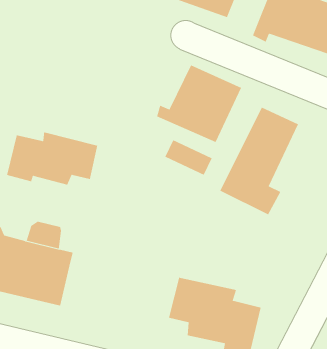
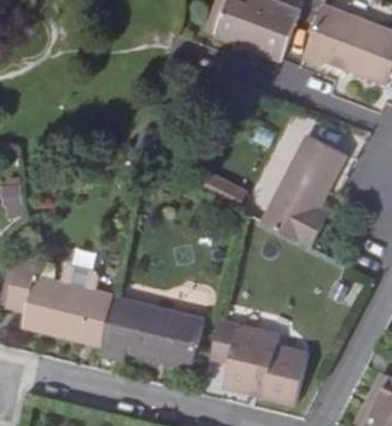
building: [157,65,242,143] -> none
building: [7,131,98,185] -> none
building: none -> [97,300,198,369]

